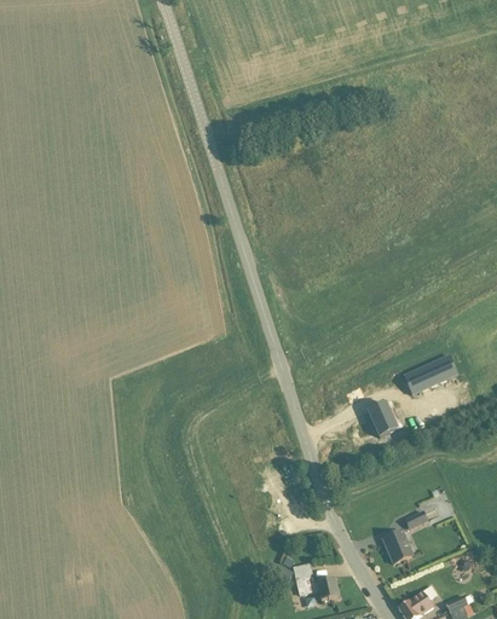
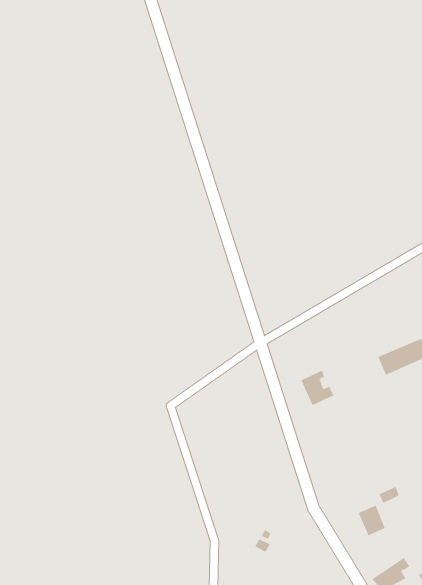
building: [366,399,401,436] -> [300,370,334,406]
building: [296,572,337,598] -> none

